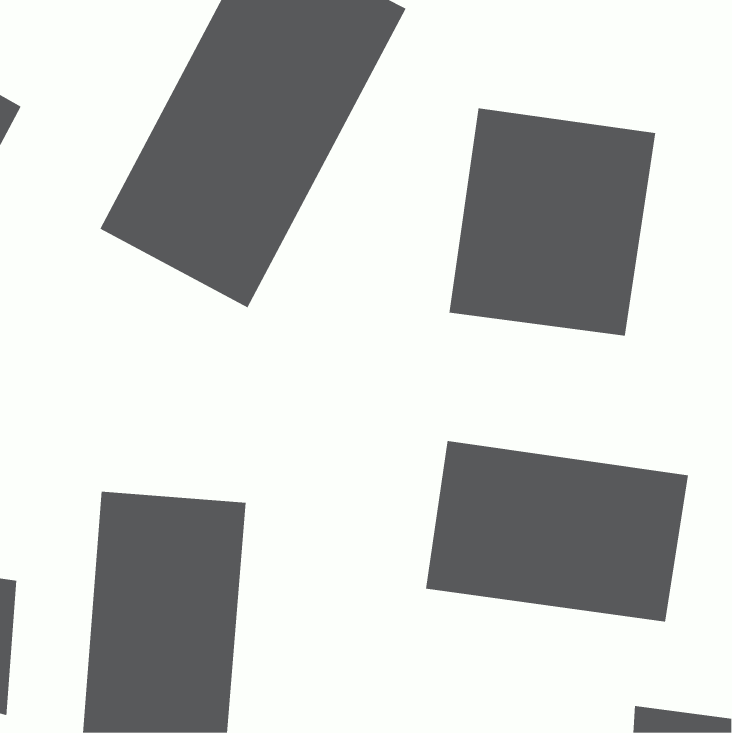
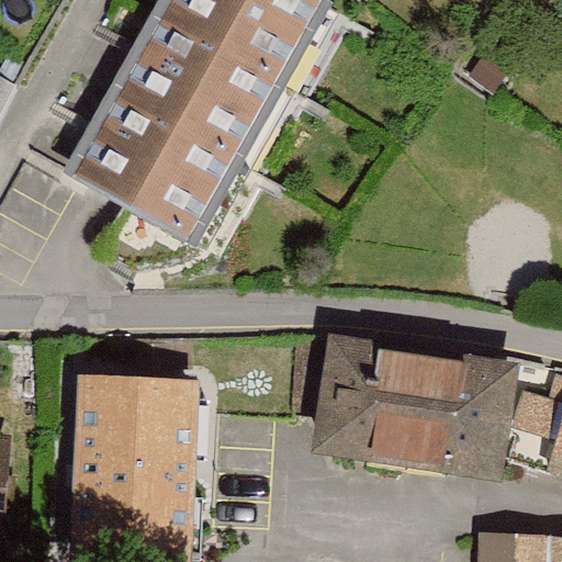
building: [449,107,656,337] -> none

